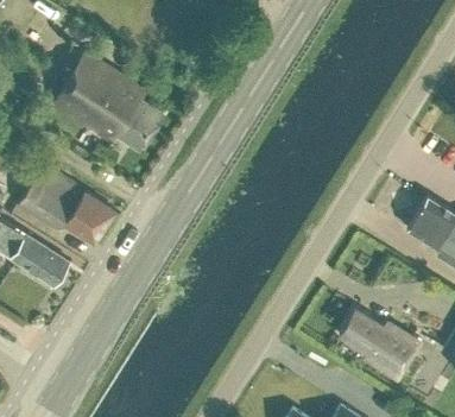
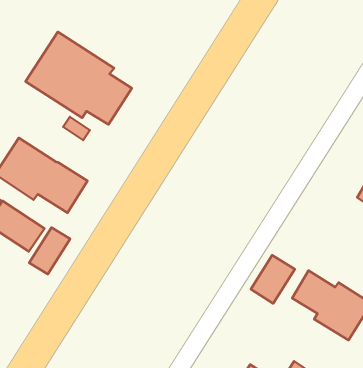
building: none -> [29,227,70,274]
building: none -> [251,255,295,303]

